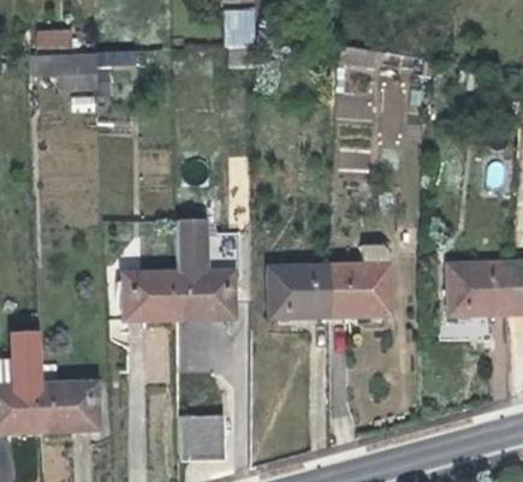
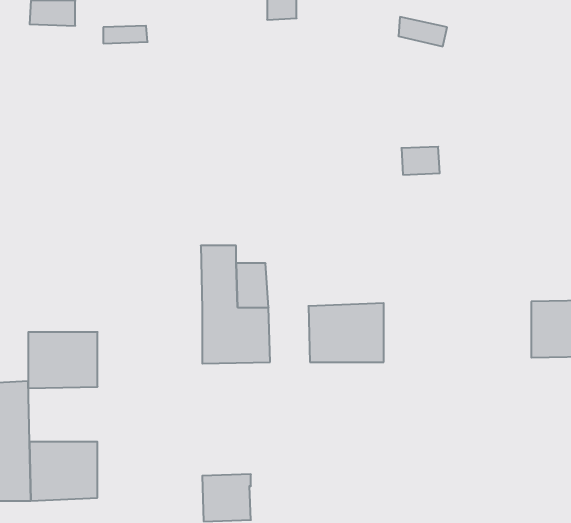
building: [327,269,390,319] -> none
building: [123,275,179,321] -> [28,332,98,388]

